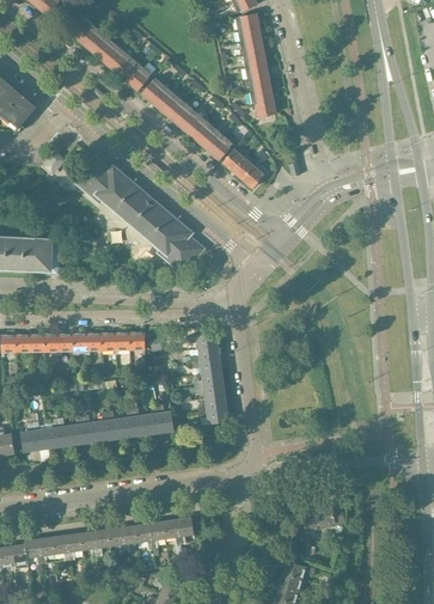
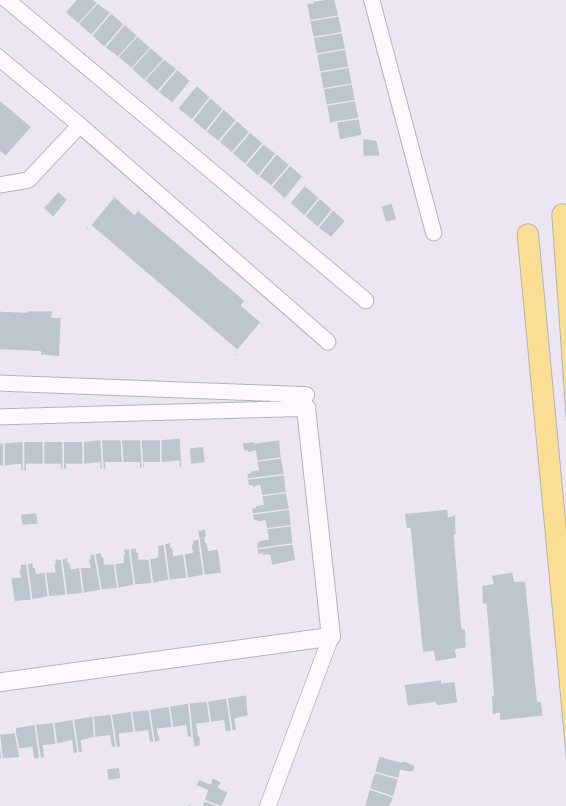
building: none -> [404,509,466,662]
building: none -> [482,572,544,721]

